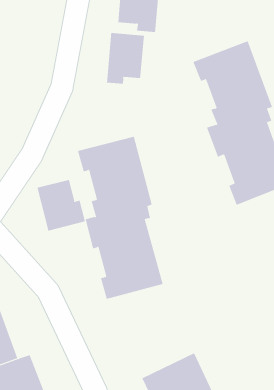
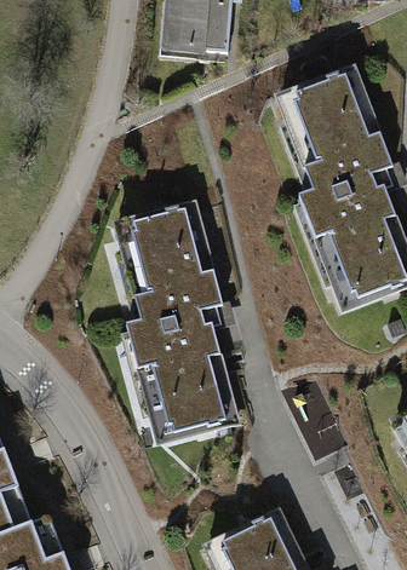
building: [107,32,144,84] -> none
building: [37,179,86,232] -> none

